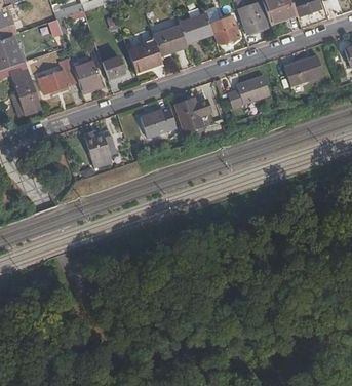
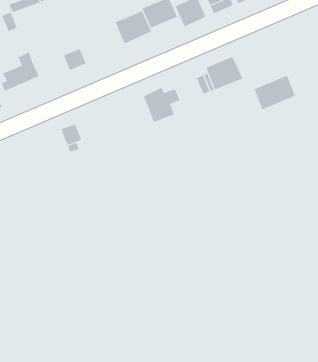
building: [127,42,162,72] -> none
building: [284,55,323,87] -> [254,75,296,110]
building: [73,61,102,94] -> none
building: [139,107,175,138] -> none

